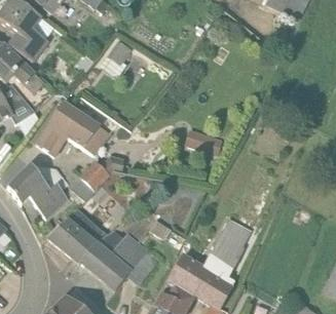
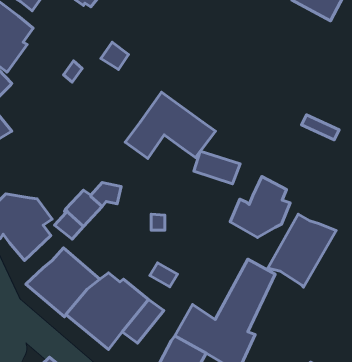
building: [36,101,110,155] -> [125,92,215,159]
building: none -> [230,176,290,237]
building: none -> [268,214,336,287]

